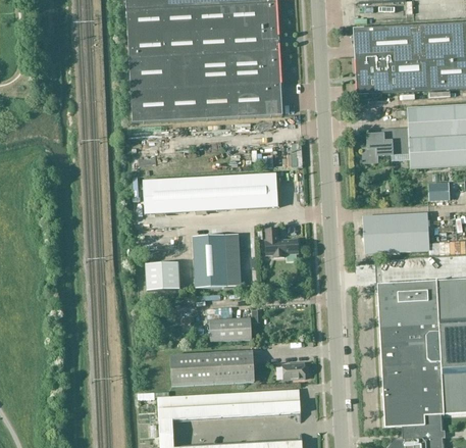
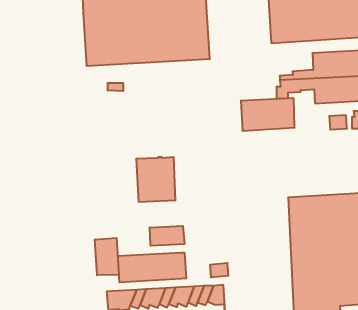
building: [143,173,277,213] -> none
building: [363,213,428,253] -> [241,98,295,131]
building: [264,229,298,257] -> none
building: [146,262,179,290] -> none
building: none -> [95,238,119,275]

